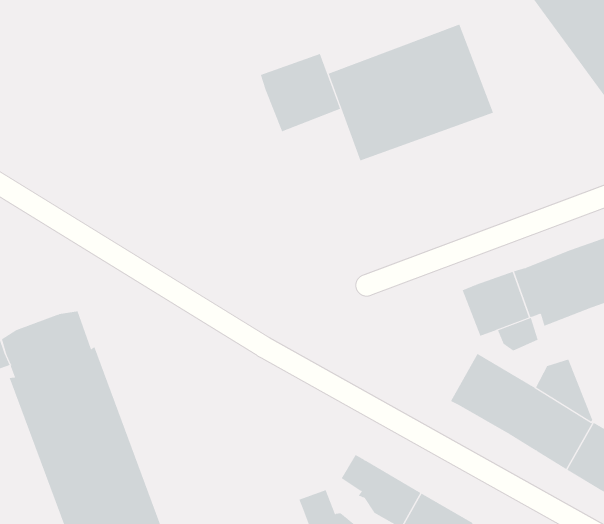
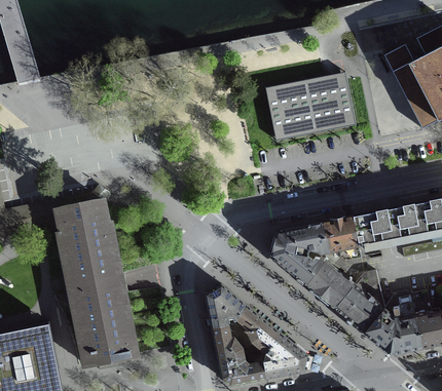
building: [260,53,341,132] -> none
building: none -> [269,224,328,285]
building: none -> [205,285,247,327]

